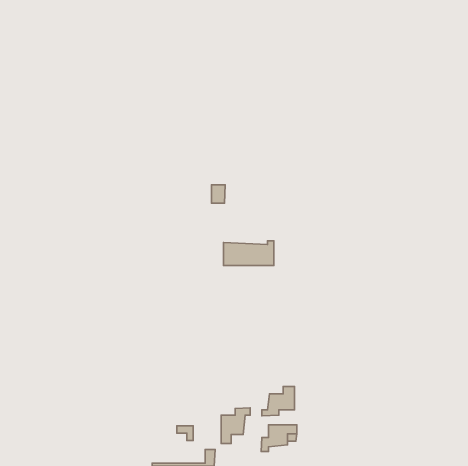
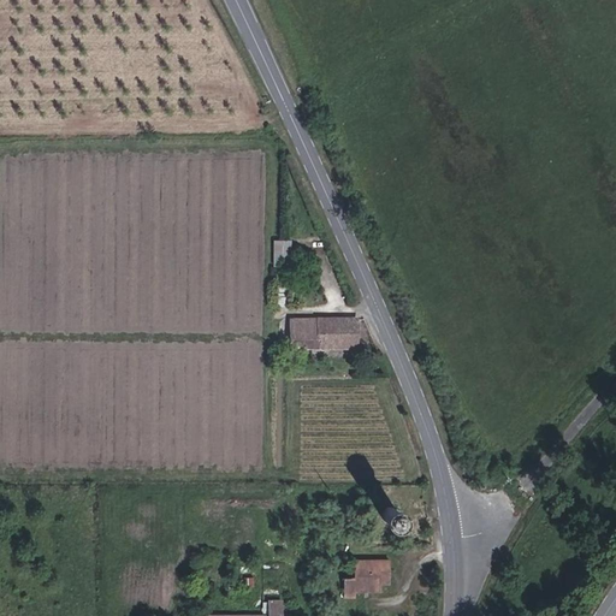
building: [262,386,294,416] -> none
building: [221,408,250,444] -> none

